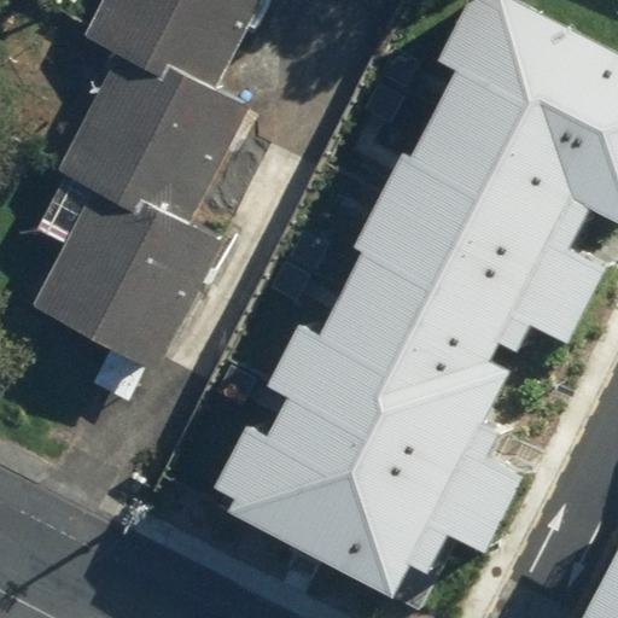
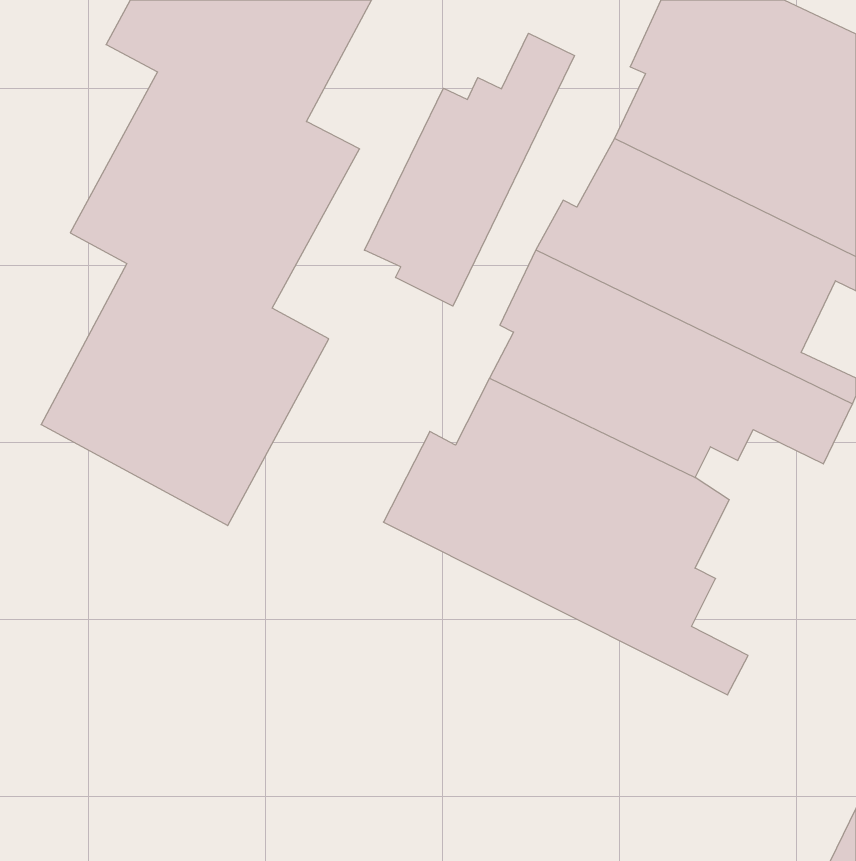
building: none -> [364,33,574,306]
building: [221,387,513,584] -> none

